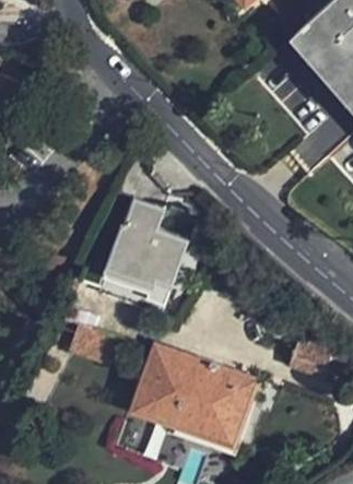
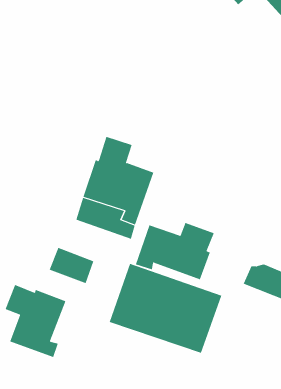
building: none -> [135,222,215,280]
building: none -> [5,284,66,358]

